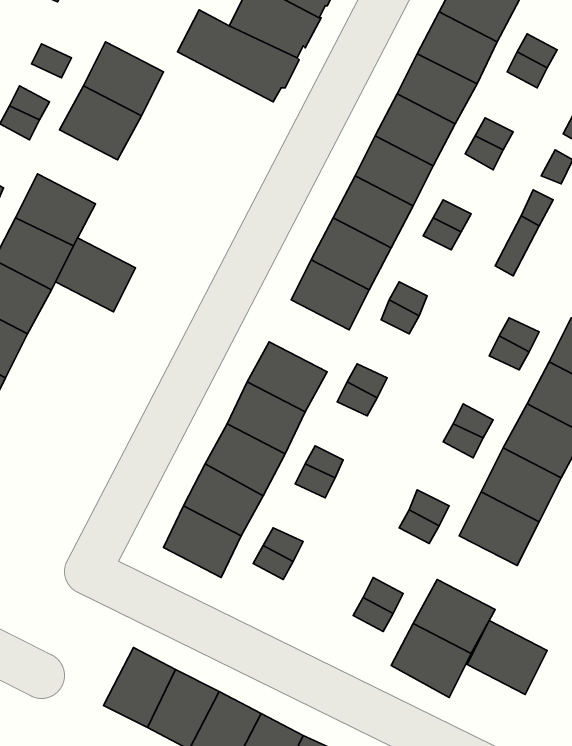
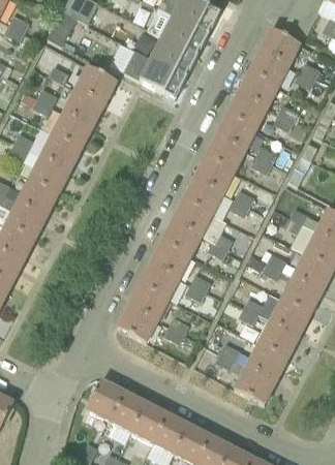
building: [56,238,136,312] -> [52,111,93,149]
building: none -> [172,198,213,236]
building: [467,620,547,694] -> [258,320,300,359]

